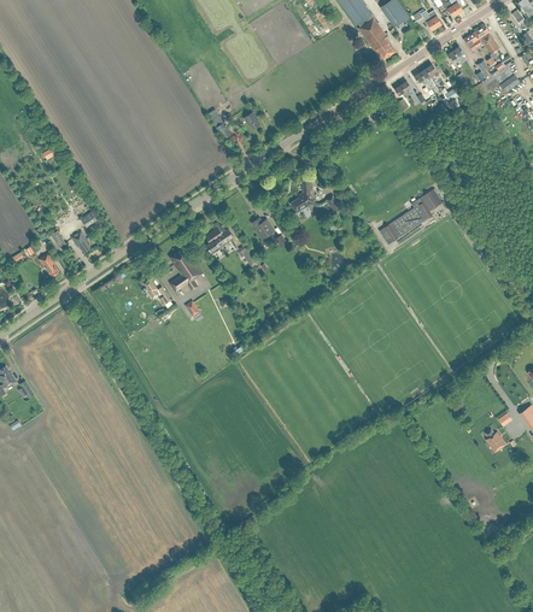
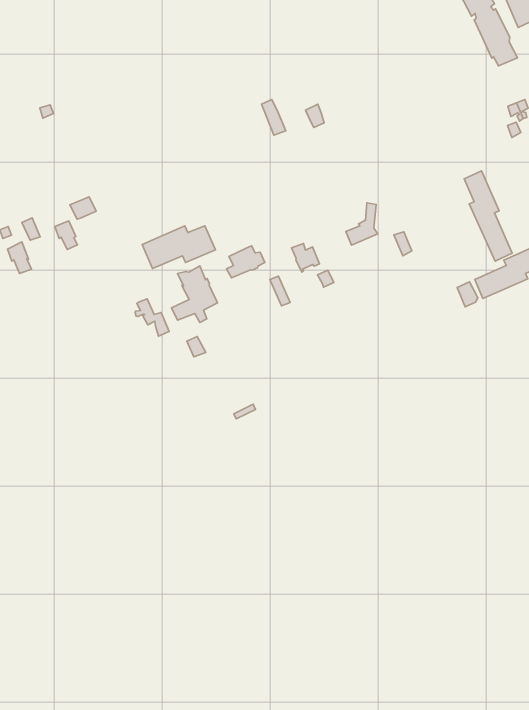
building: none -> [464,171,512,261]
building: none -> [142,226,215,268]

